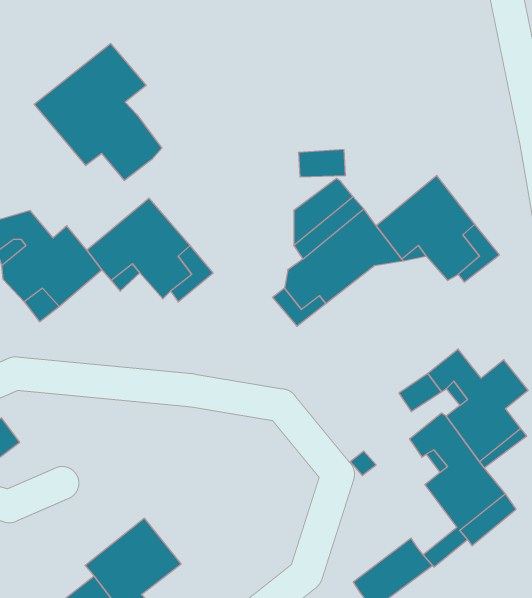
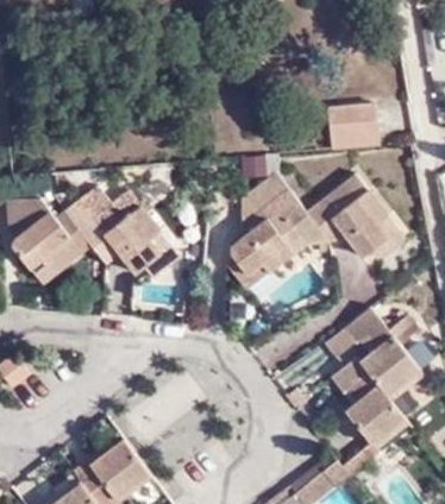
building: [34,44,162,181] -> none
building: none -> [330,113,380,158]

